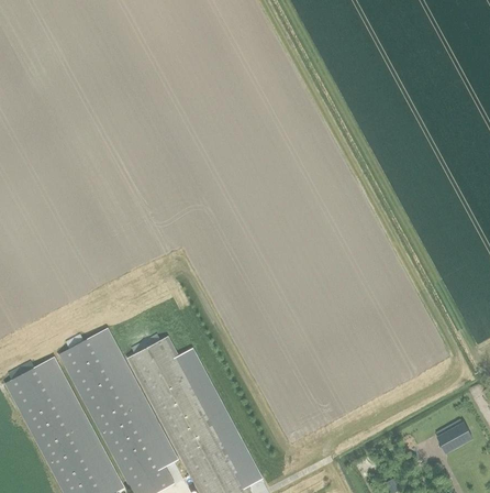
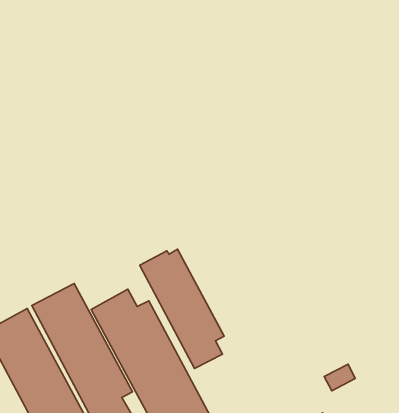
building: none -> [140,249,224,369]
building: [437,420,472,451] -> [324,364,355,391]

